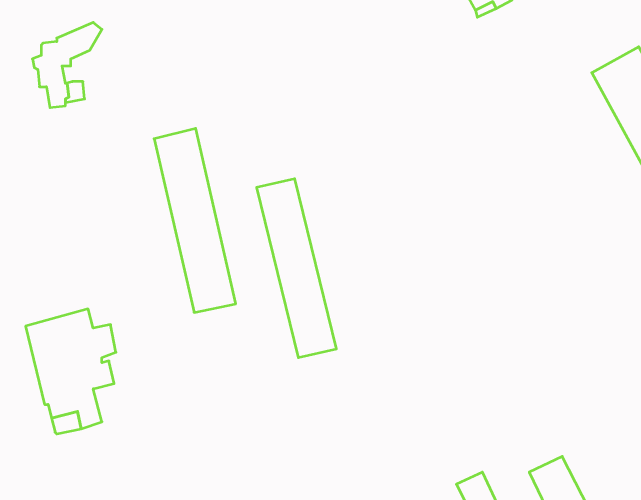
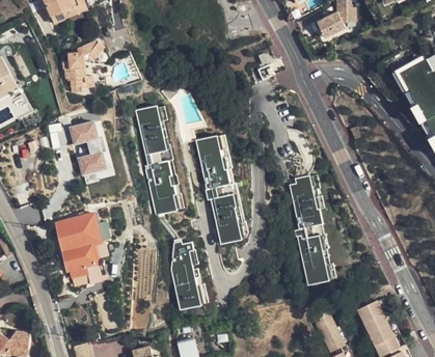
building: none -> [71,119,108,175]
building: none -> [286,176,330,283]
building: none -> [169,237,201,310]

